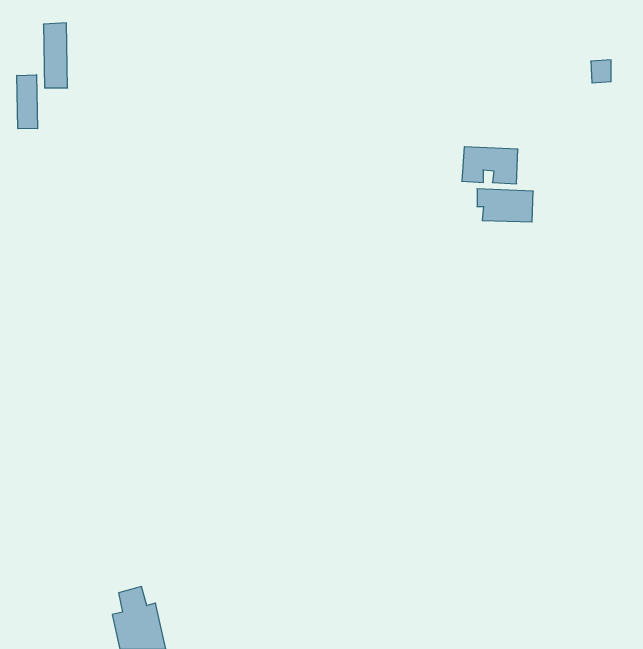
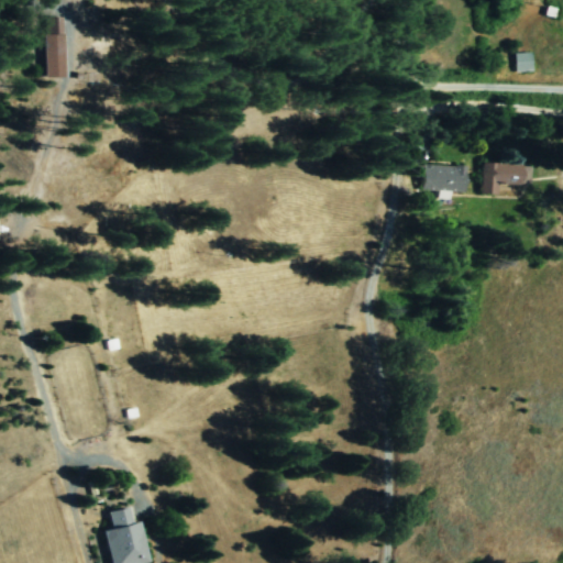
building: [17,75,38,129] -> none
building: [462,147,518,184] -> [483,164,531,196]

